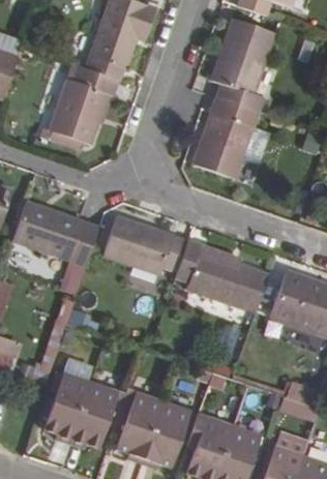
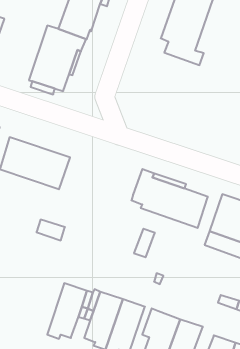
building: [191,96,259,178] -> none
building: [103,215,188,274] -> none
building: [44,371,92,444] -> none

